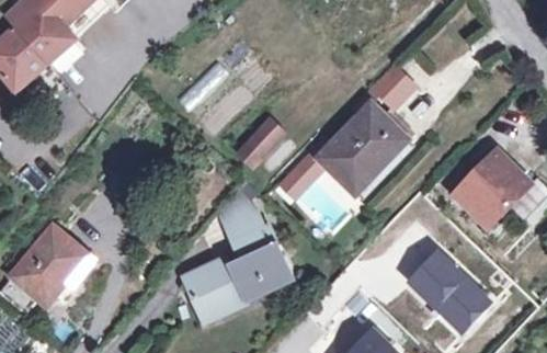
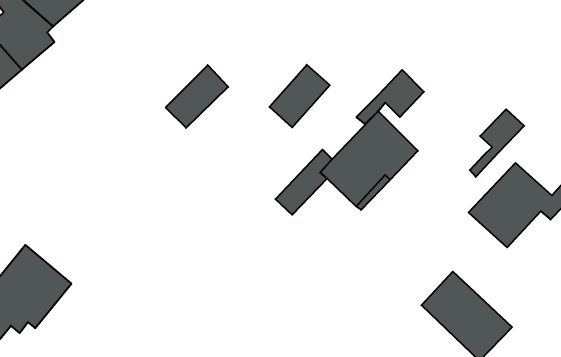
building: none -> [470,109,524,177]
building: [233,115,288,172] -> [269,65,330,127]
building: [184,191,285,312] -> none

